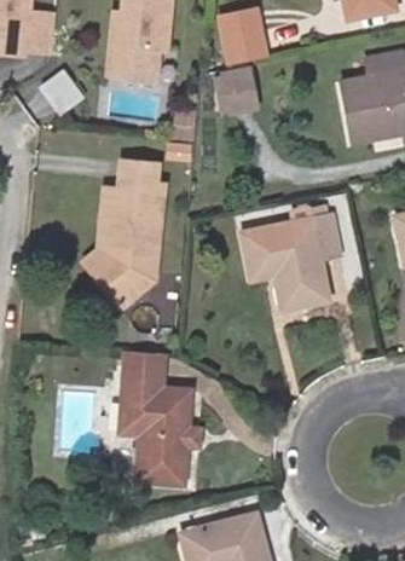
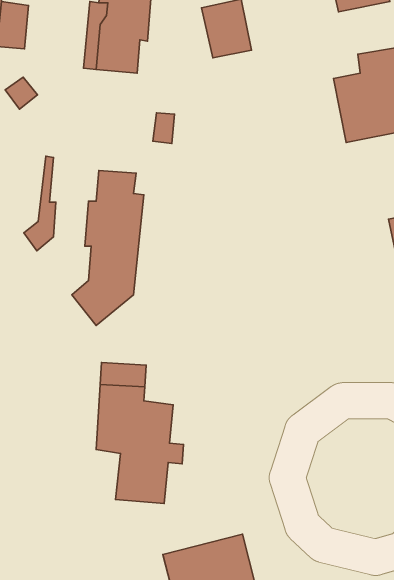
building: [216,70,259,111] -> none
building: [85,197,115,287] -> [24,156,56,251]
building: [243,214,340,310] -> none

